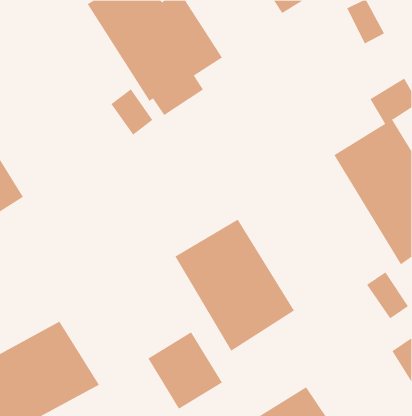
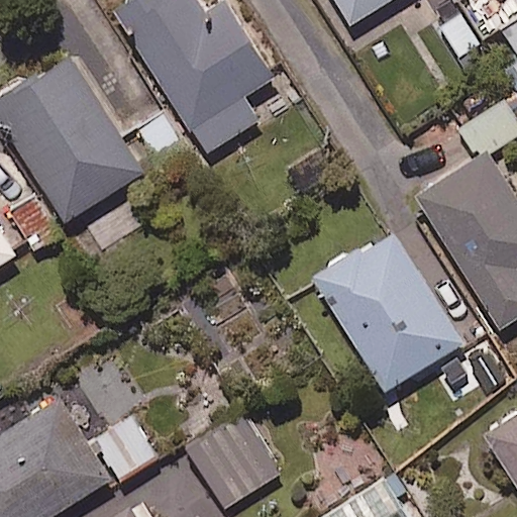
building: none -> [4,63,159,229]
building: [174,219,295,352] -> [322,226,471,390]

